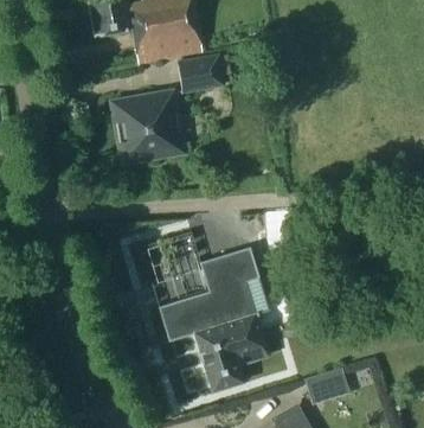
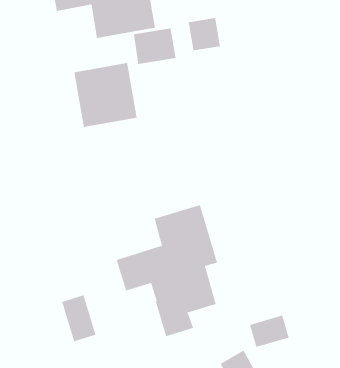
building: none -> [188,17,220,51]
building: none -> [61,294,96,342]

